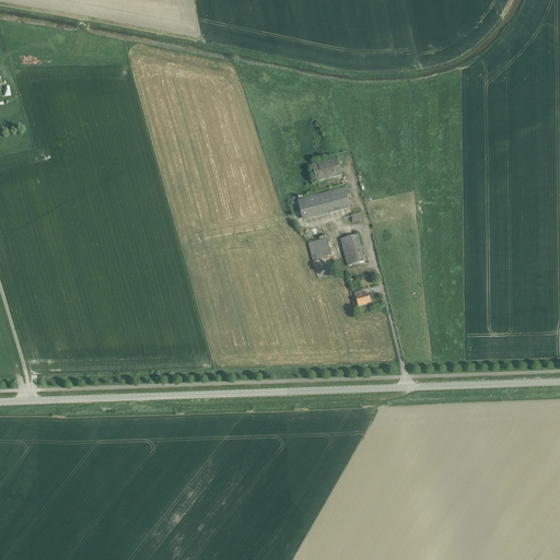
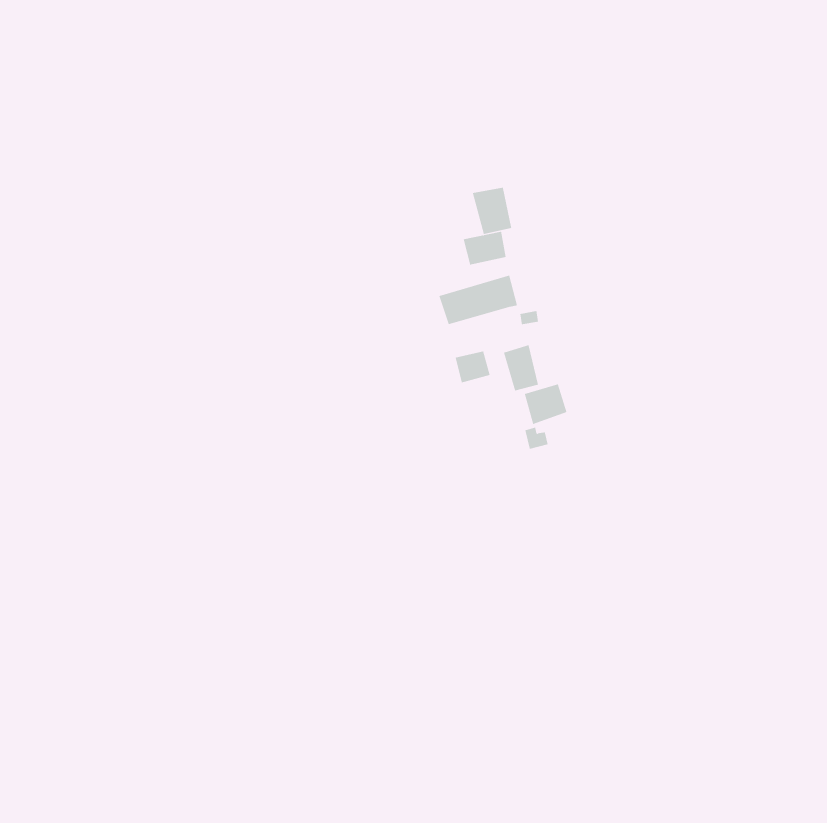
building: none -> [472,187,512,235]
building: none -> [524,384,567,425]

